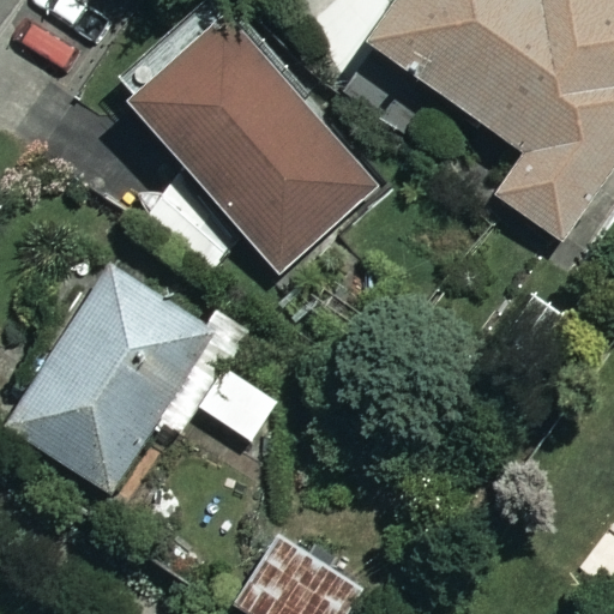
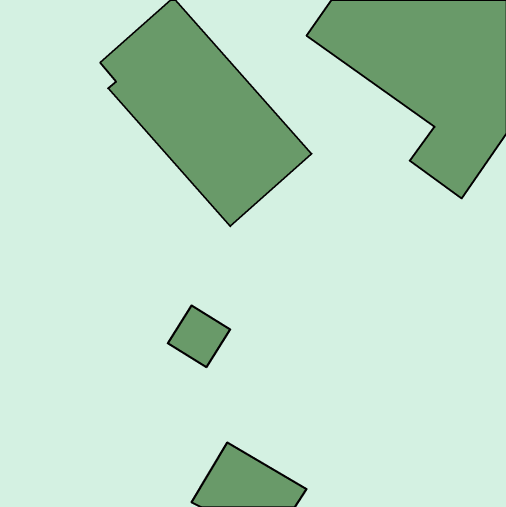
building: [10,269,213,492] -> none

